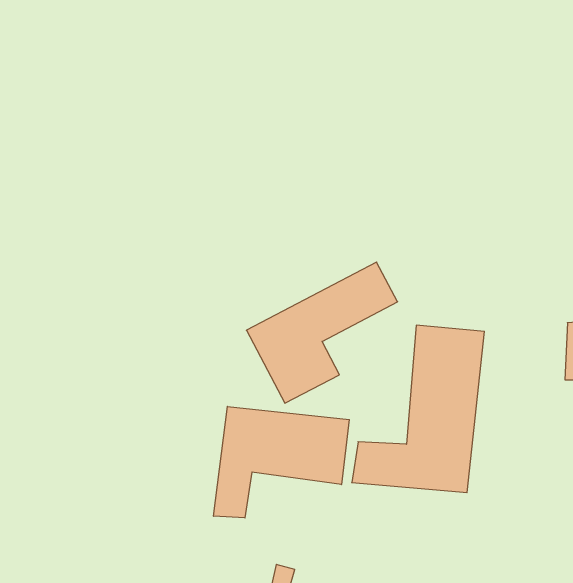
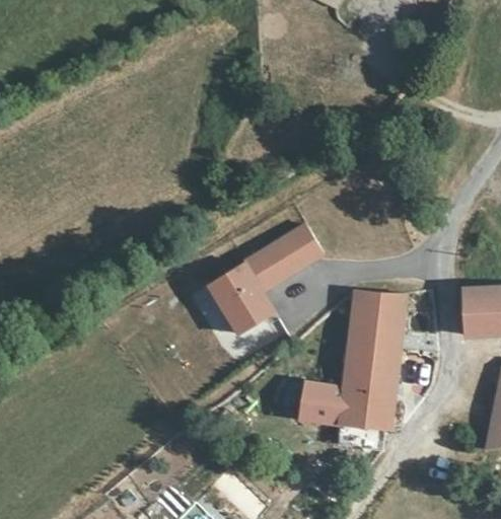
building: [214,406,349,518] -> none

